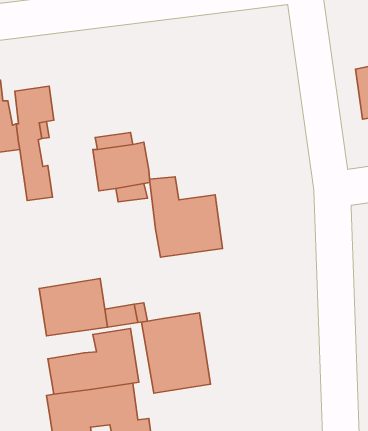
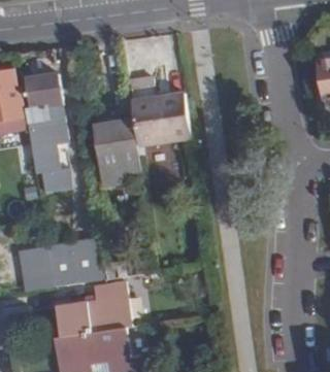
building: [150,177,223,257] -> [130,79,192,147]
building: none -> [18,247,53,293]
building: [142,313,210,393] -> none

